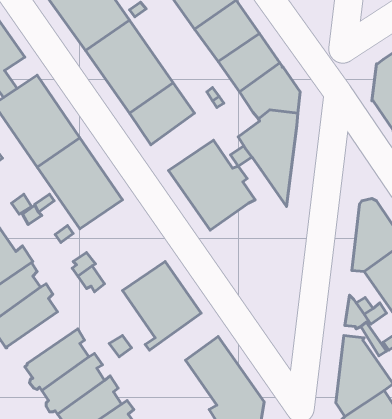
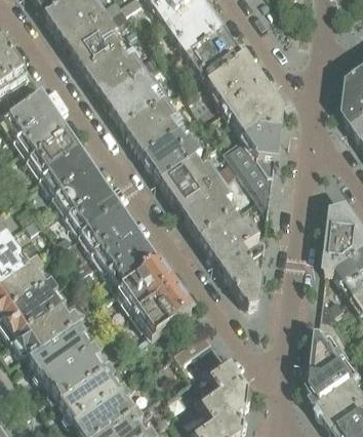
building: none -> [142,124,199,176]
building: none -> [77,203,155,286]
building: none -> [196,206,264,301]
building: none -> [10,306,75,353]

